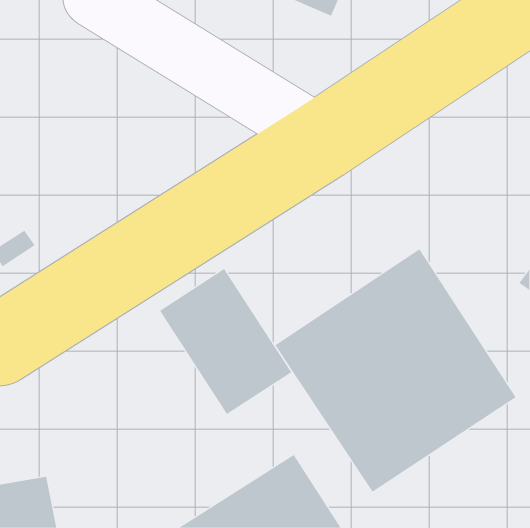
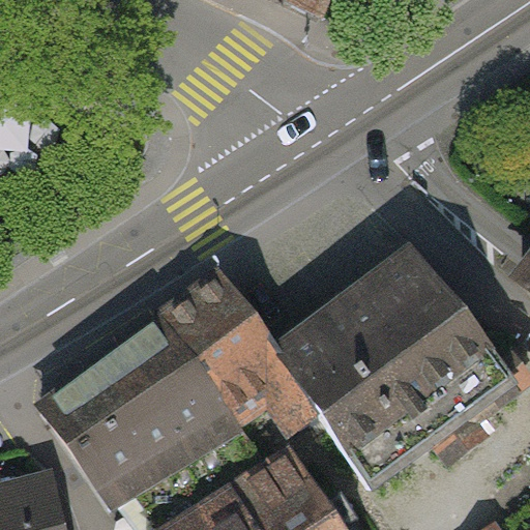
building: none -> [33,310,238,512]

